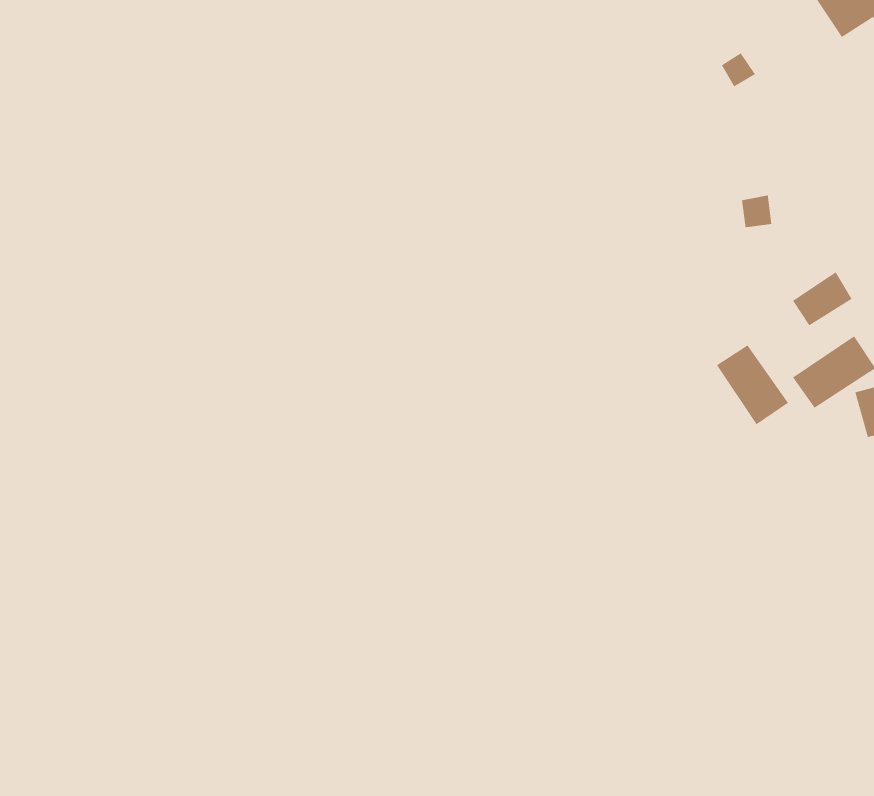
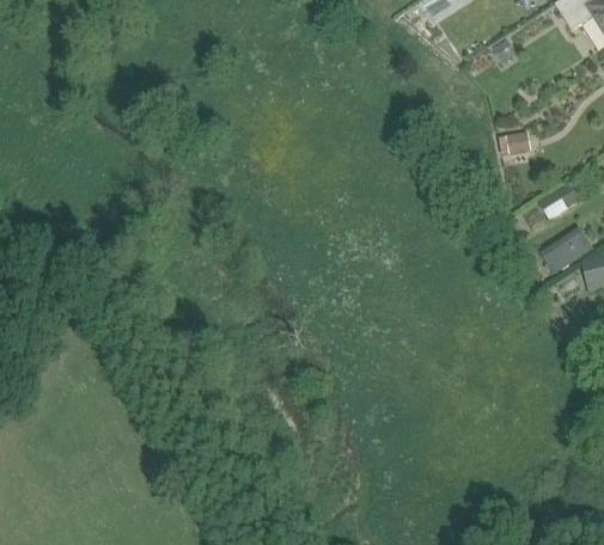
building: [716,345,789,425] -> none

